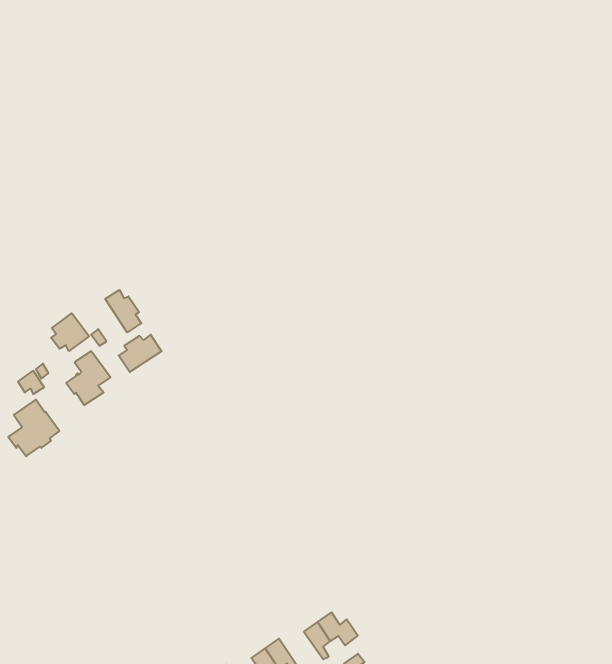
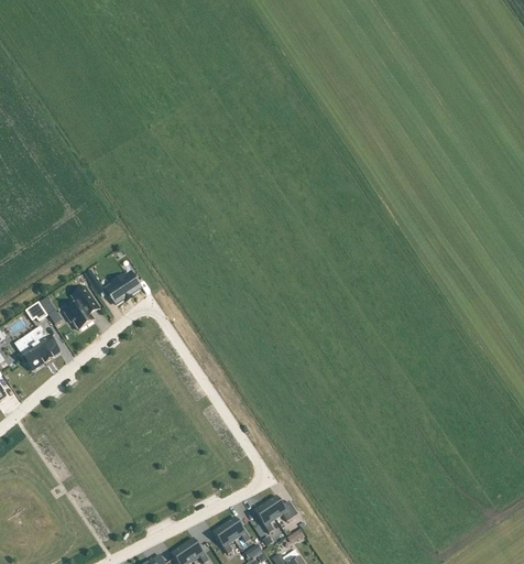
building: [105,290,141,332] -> none
building: [51,313,89,351] -> none

